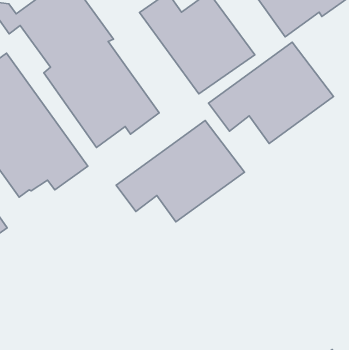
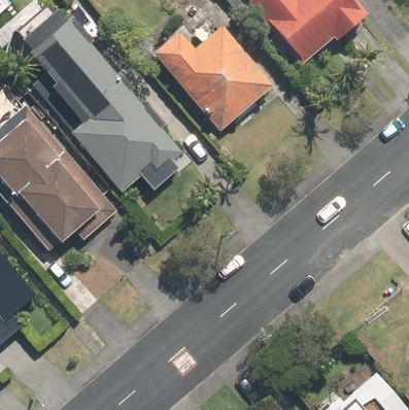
building: [209,42,334,144] -> none
building: [116,121,244,222] -> none

